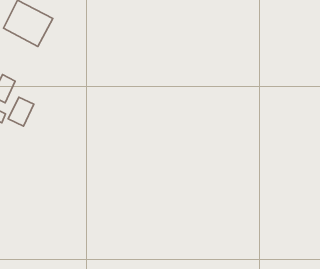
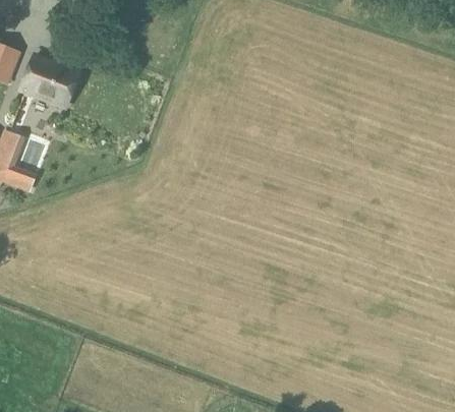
building: [8,97,34,126] -> none

